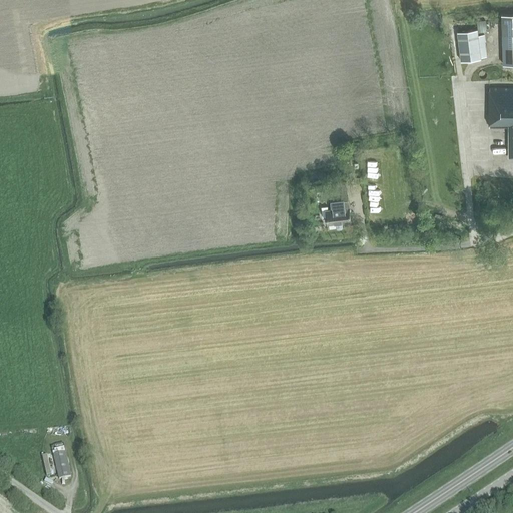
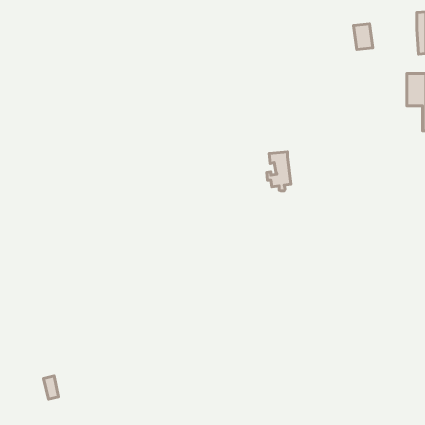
building: [459,31,482,62] -> [354,24,373,50]

